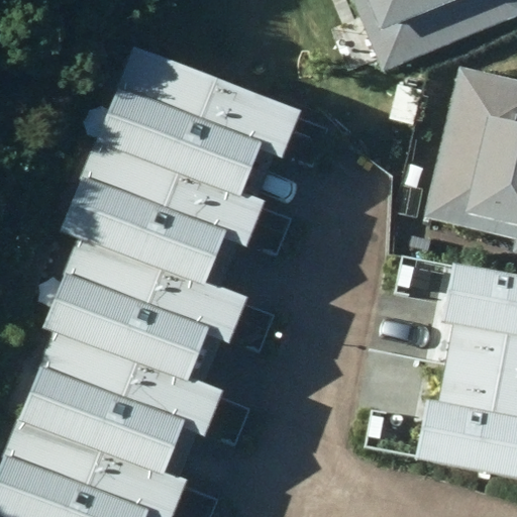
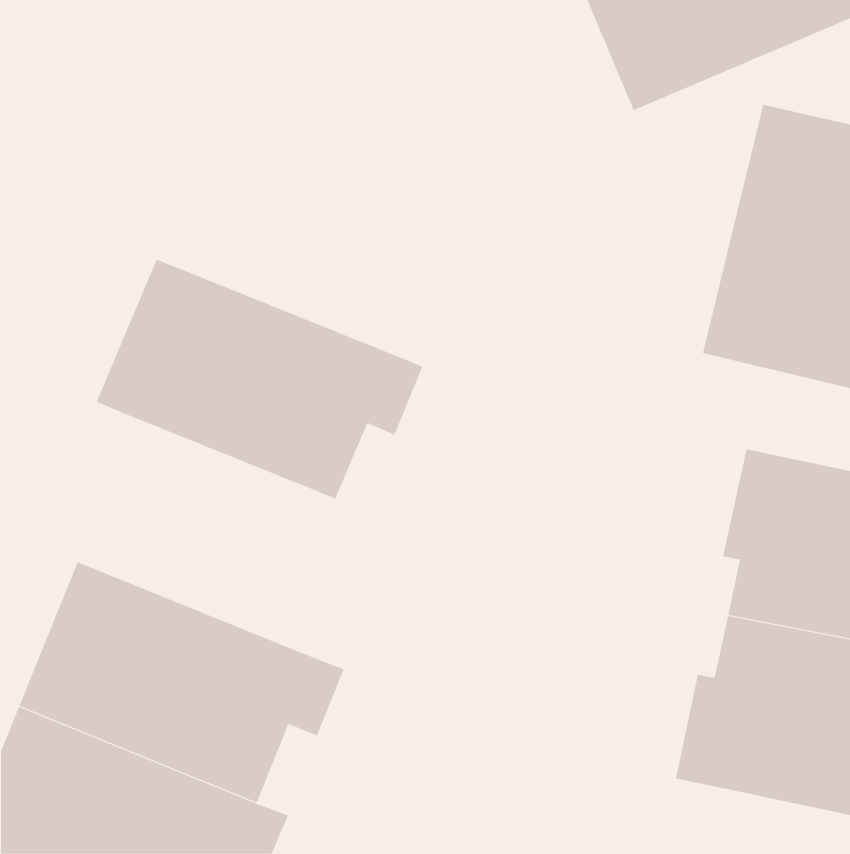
building: [93,48,297,211] -> none
building: [41,247,237,392] -> none

